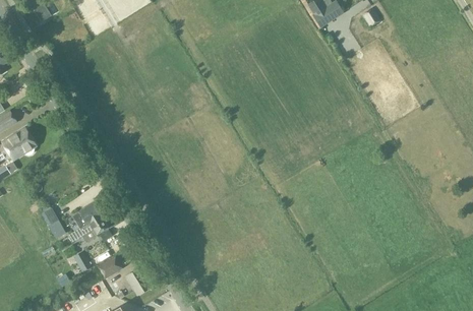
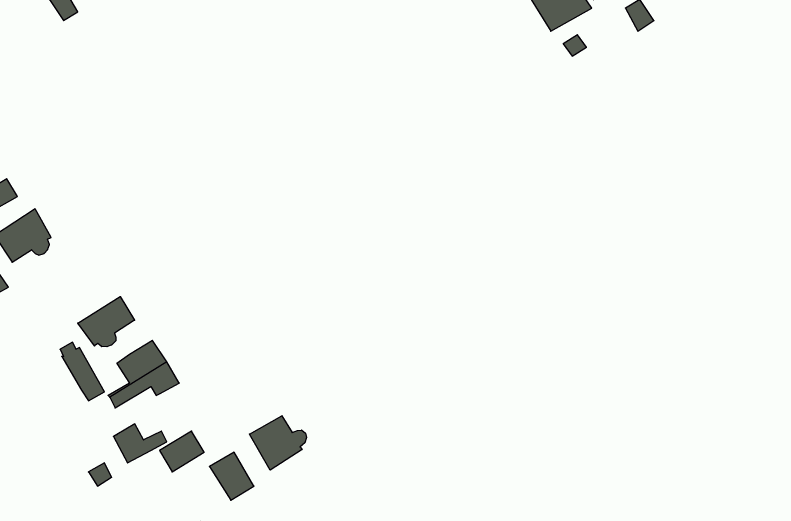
building: none -> [78,297,135,347]
building: none -> [249,416,307,470]

